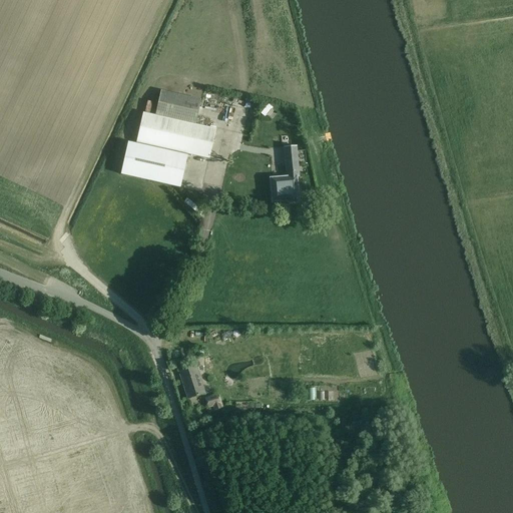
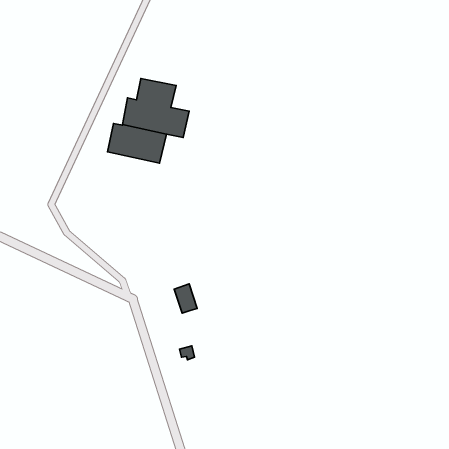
building: [270,144,299,201] -> none
building: [178,364,204,397] -> [174,284,197,313]

